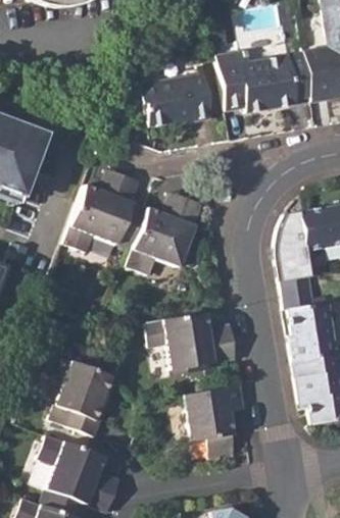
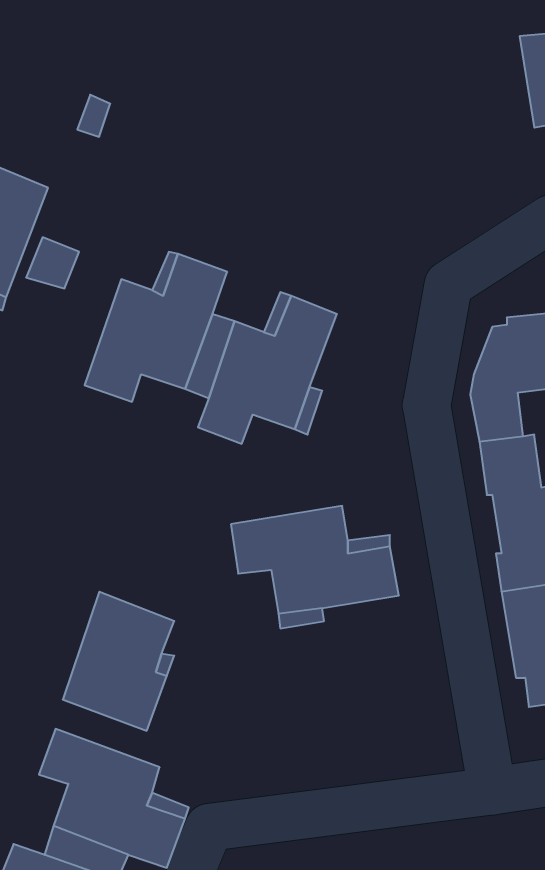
building: [217,55,297,110] -> none
building: [137,70,210,122] -> none
building: [183,385,244,459] -> none

